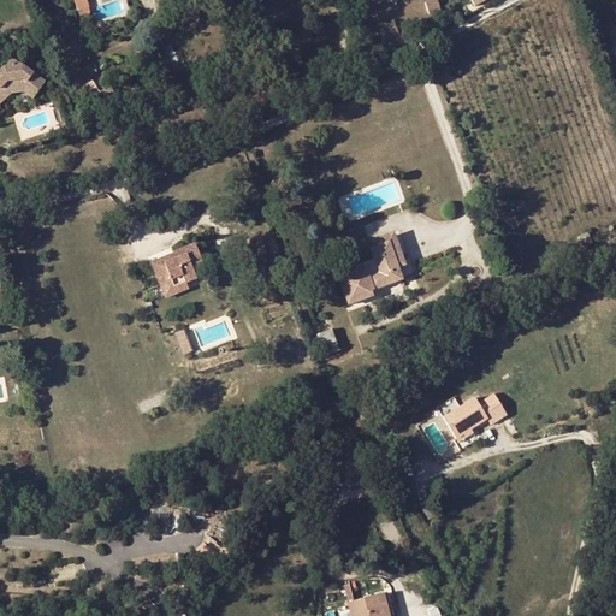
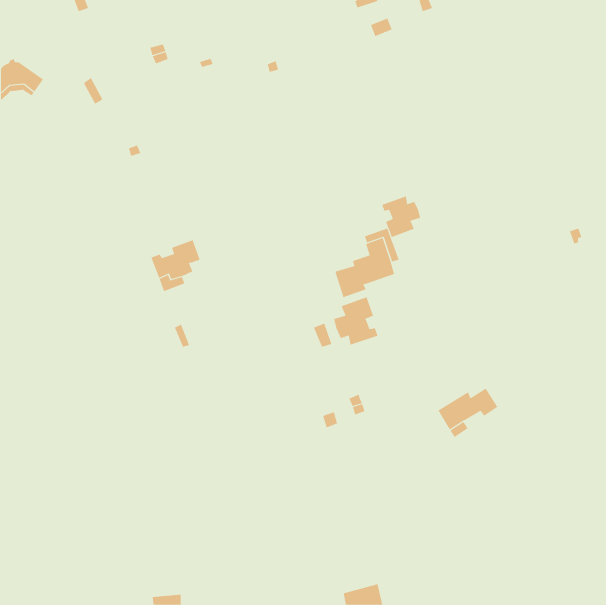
building: none -> [382,196,421,238]
building: none -> [334,297,378,345]

